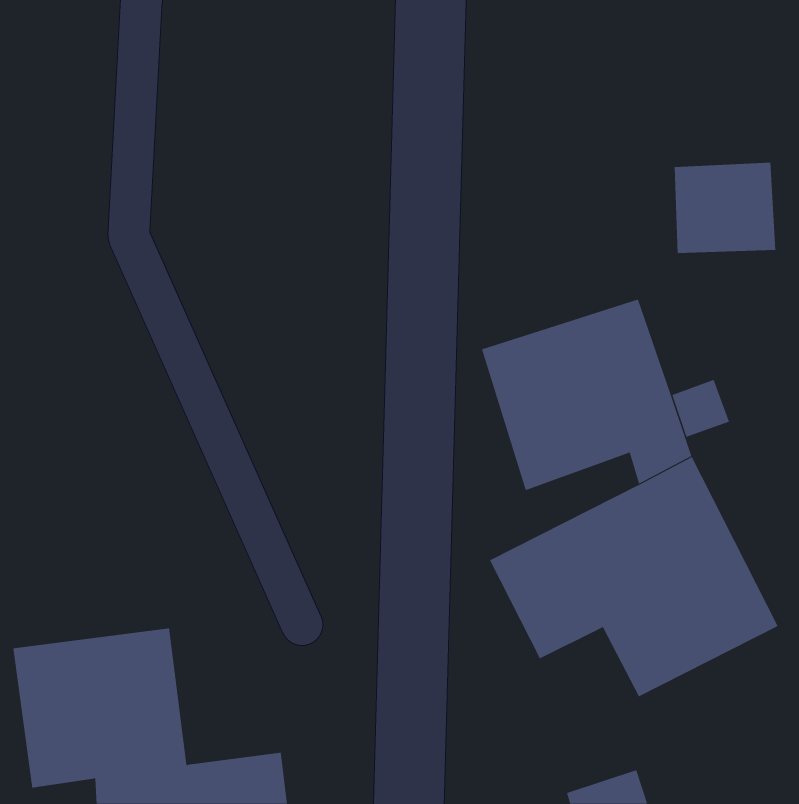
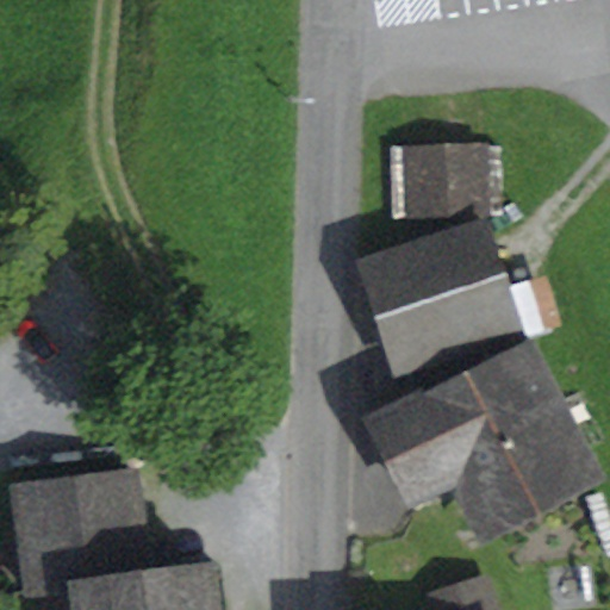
building: [674,162,776,253] -> [406,148,484,217]

